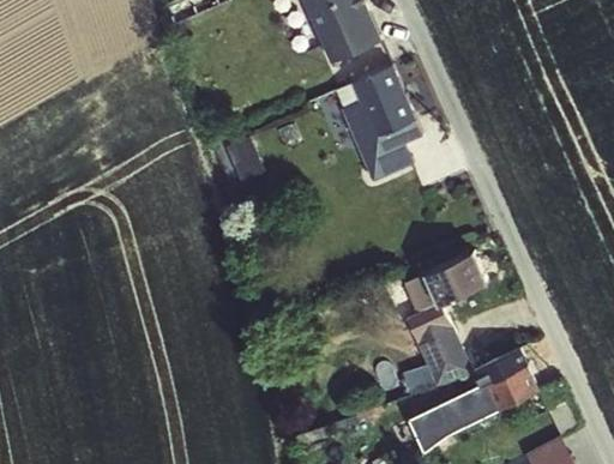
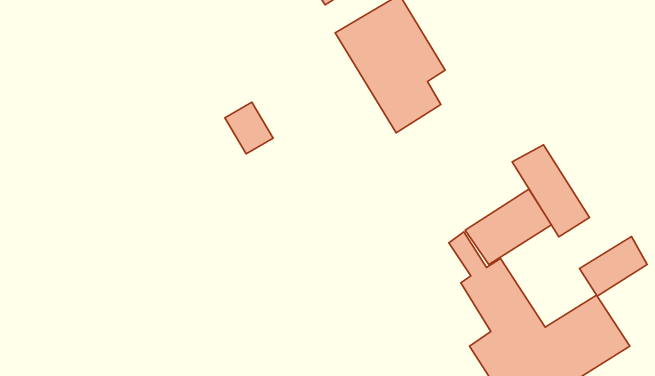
building: none -> [512,145,589,237]
building: none -> [580,237,647,296]

